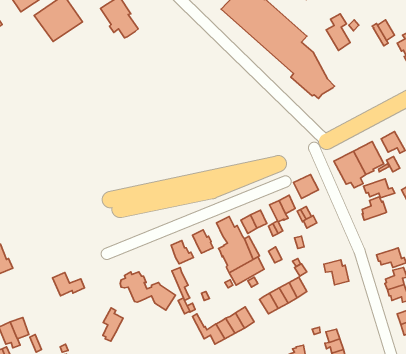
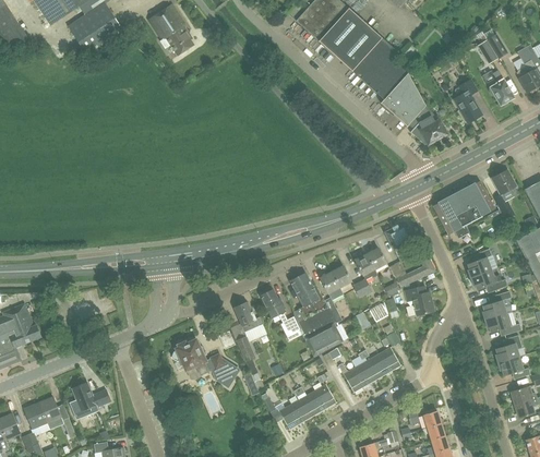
building: [326,14,350,50] -> [453,79,482,123]
building: none -> [488,70,514,104]
building: none -> [411,116,446,145]
building: [364,179,395,198] -> [470,268,508,291]
building: none -> [482,290,512,320]
building: [324,260,349,285] -> [404,285,434,315]
building: [52,273,85,296] -> [72,382,111,410]
building: [103,308,123,341] -> none

